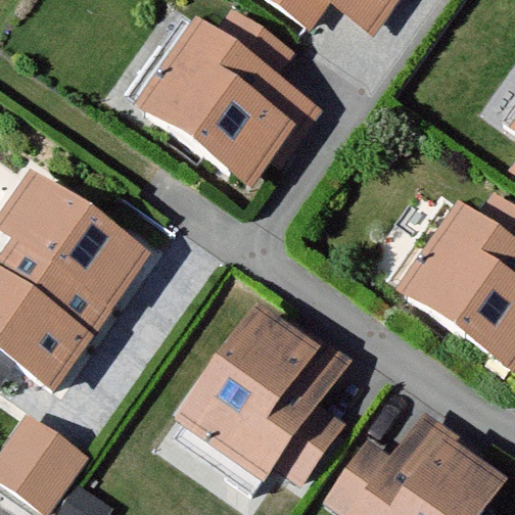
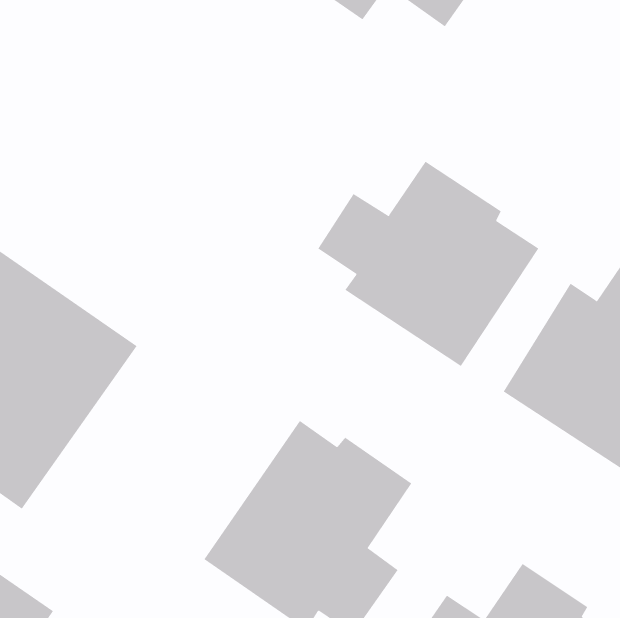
building: [147,19,305,182] -> none
building: none -> [317,161,539,367]

